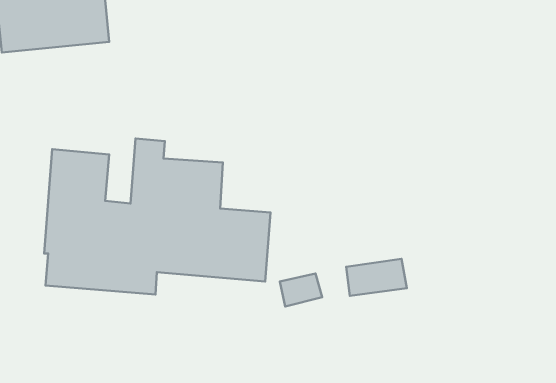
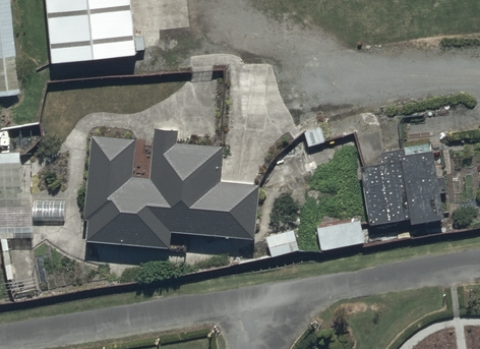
building: none -> [368,151,446,224]

